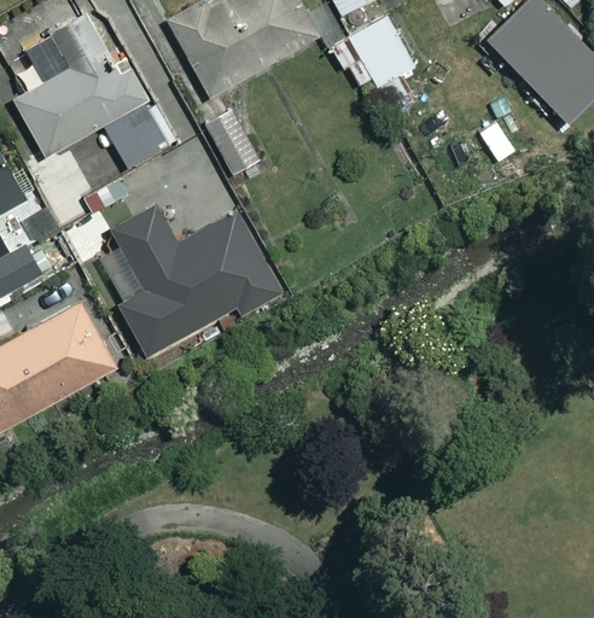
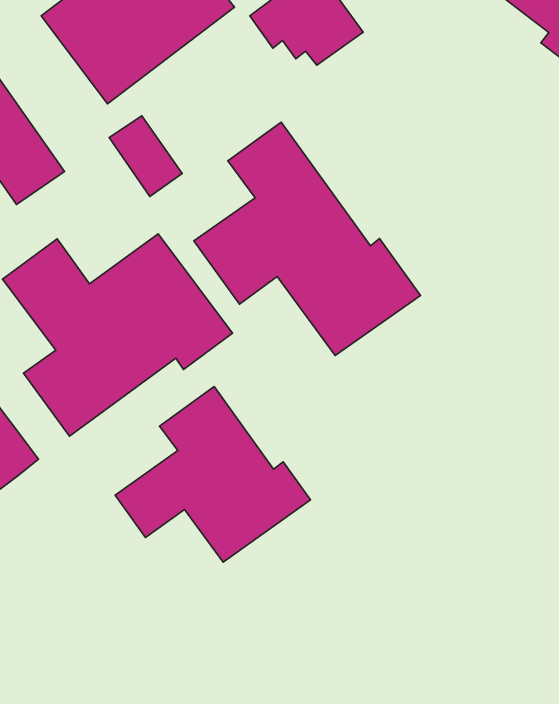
building: none -> [194,122,420,356]
building: none -> [115,386,310,562]

